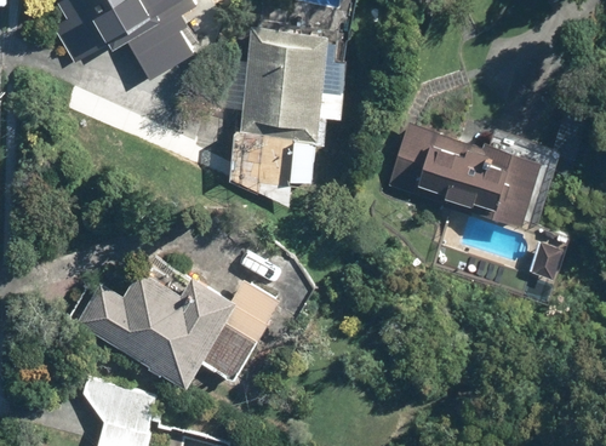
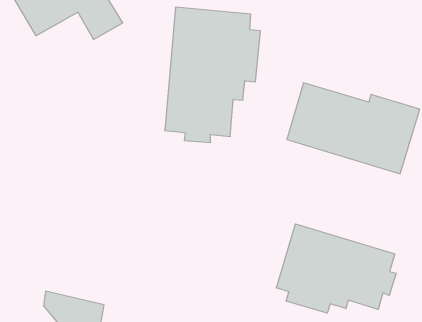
building: [80,261,284,387] -> none
building: none -> [276,224,396,313]

